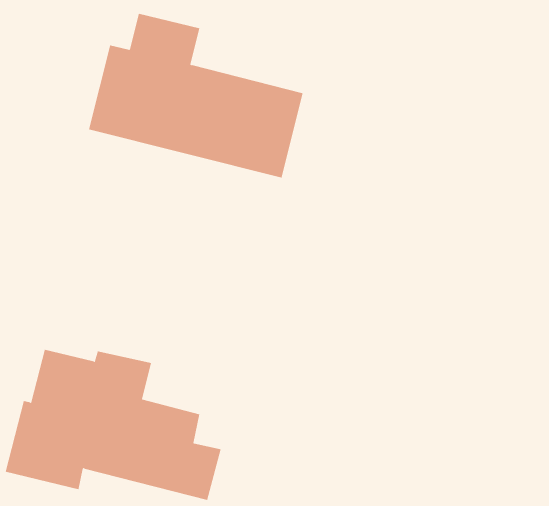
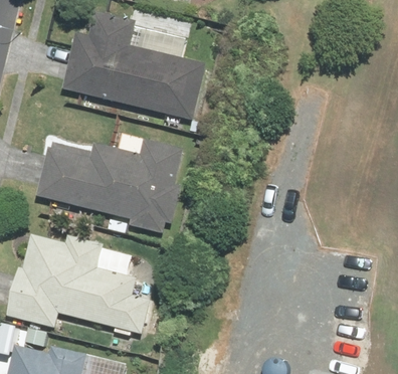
building: none -> [37,139,183,233]

